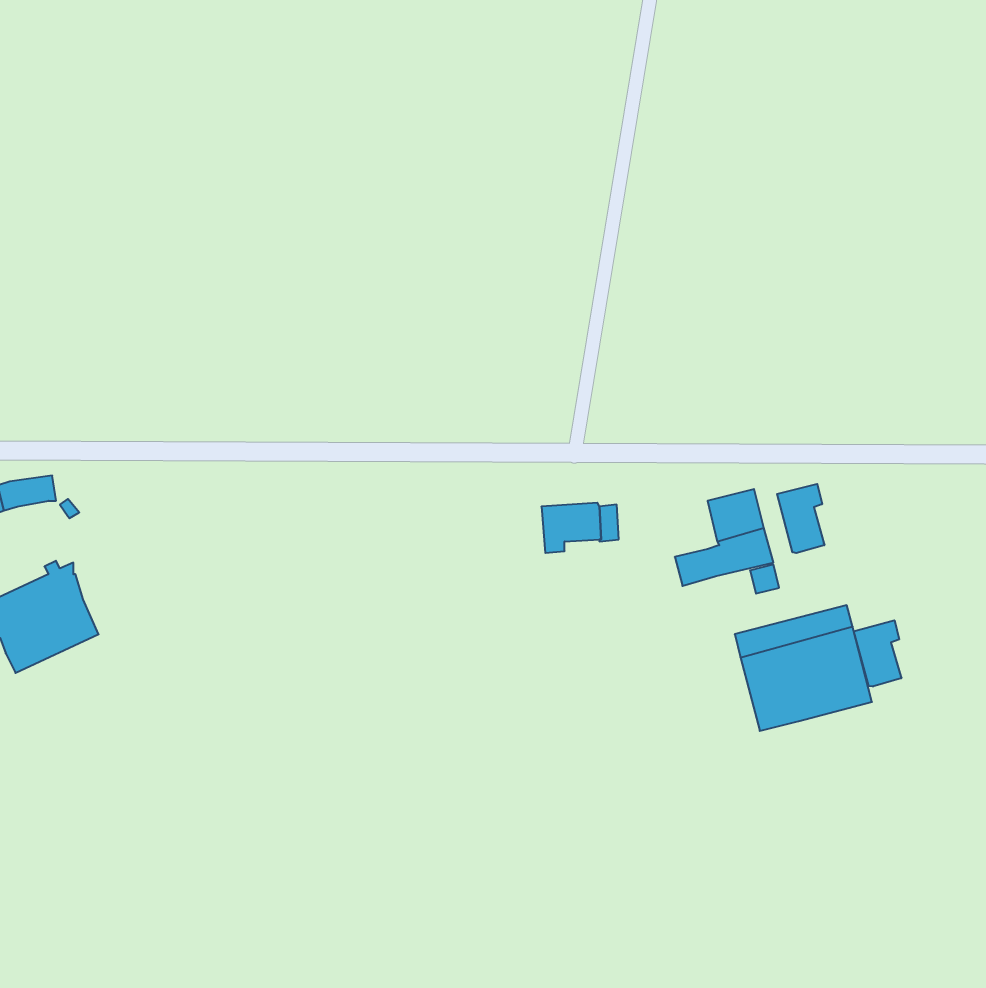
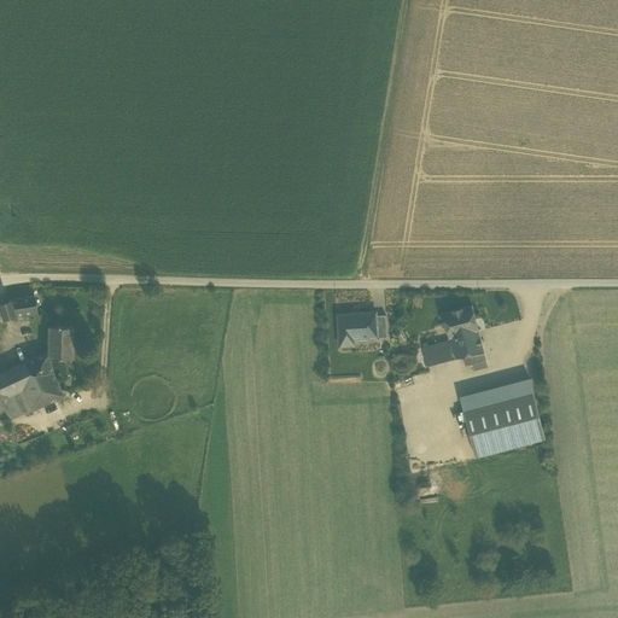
building: [777,484,824,553] -> none
building: none -> [46,326,71,358]
building: [854,620,901,687] -> none

